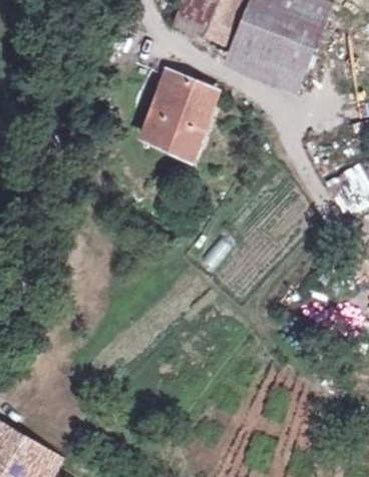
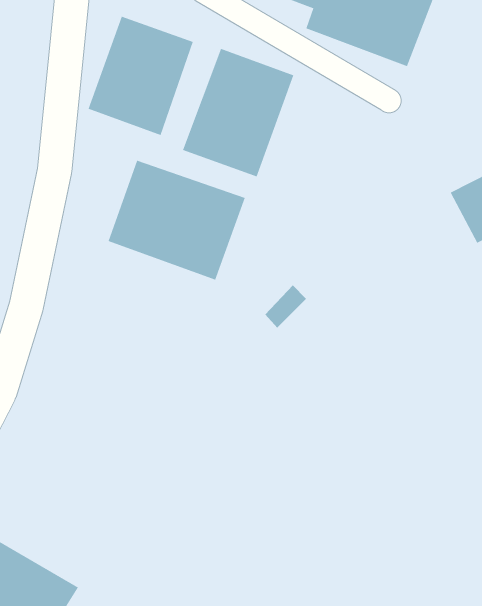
building: none -> [88,16,194,136]
building: none -> [108,160,246,280]

